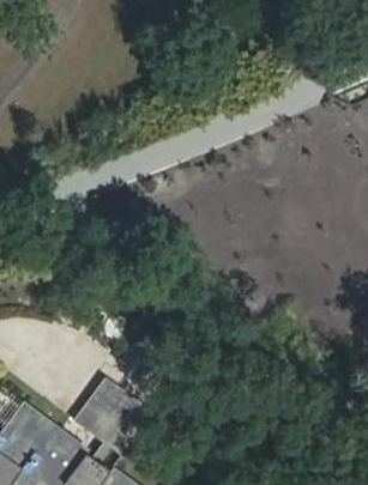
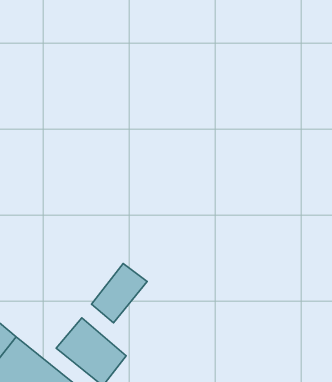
building: none -> [92,263,147,323]

